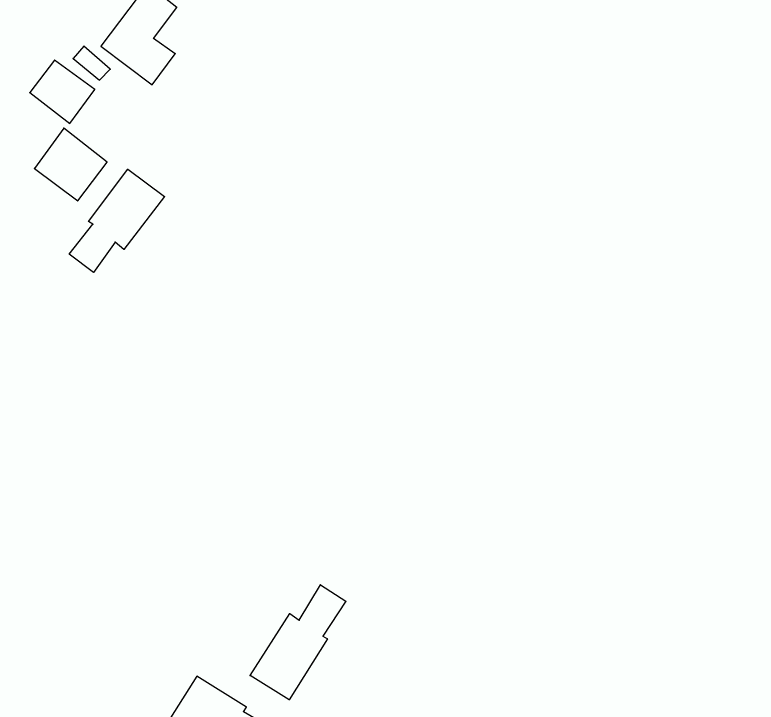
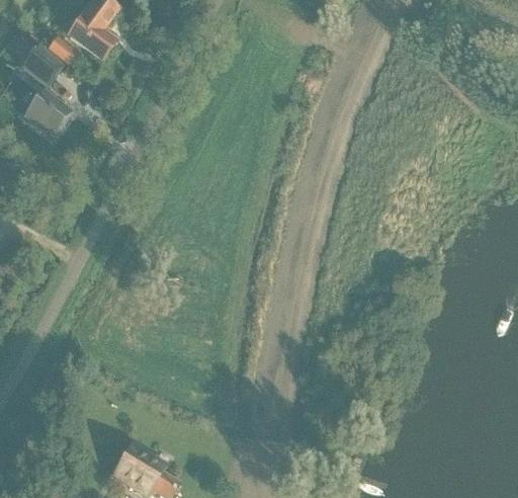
building: [69,169,165,272] -> none
building: [250,585,346,700] -> none

